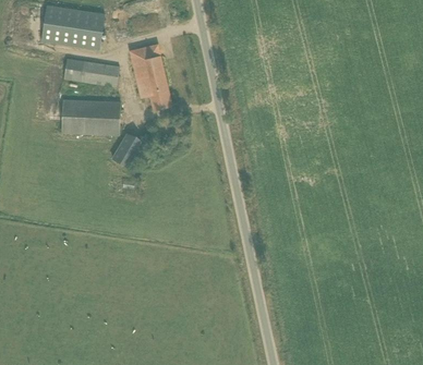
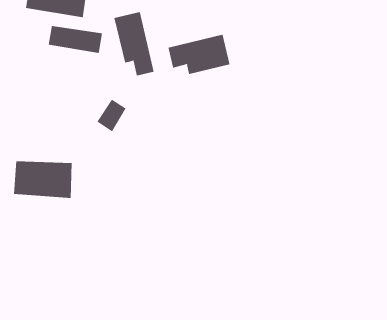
building: none -> [168,34,230,75]
building: [60,98,120,136] -> [13,161,73,198]

